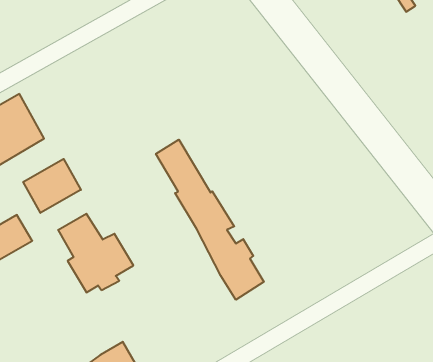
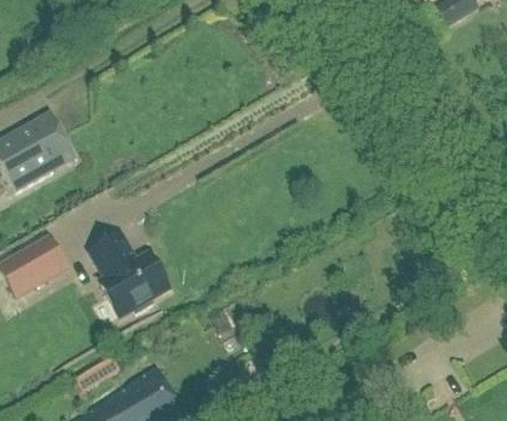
building: [156,140,264,300] -> none
building: [23,159,81,213] -> none

